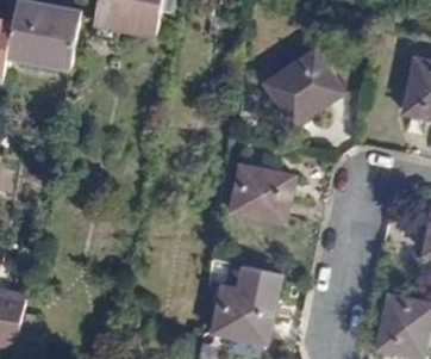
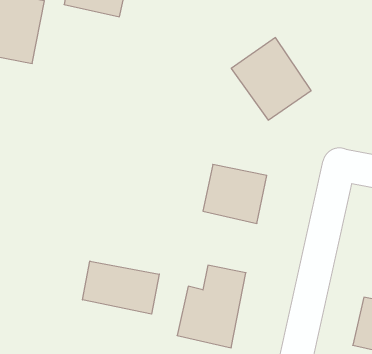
building: none -> [83,261,159,314]

